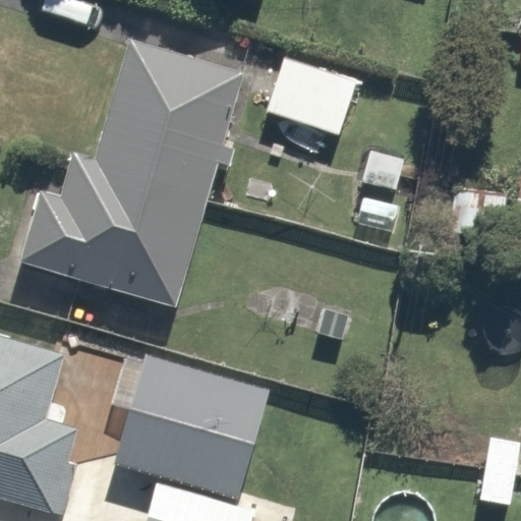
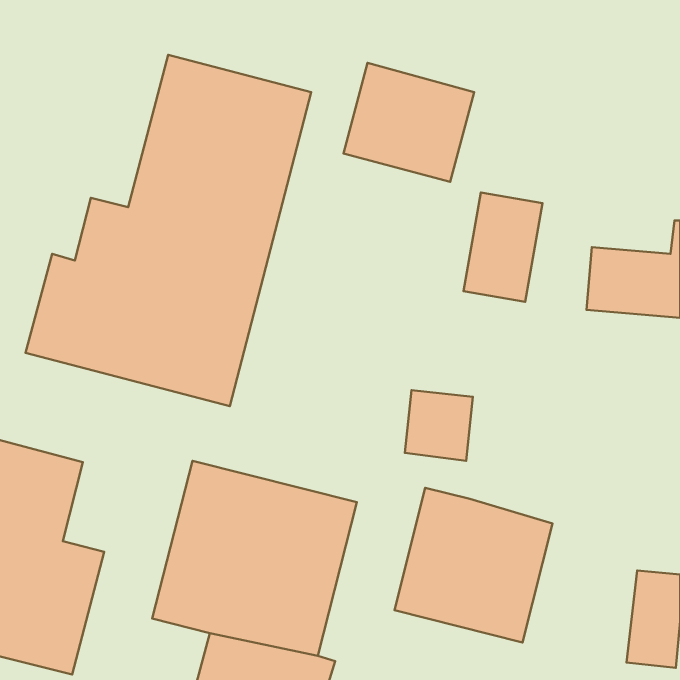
building: none -> [394,488,553,643]

